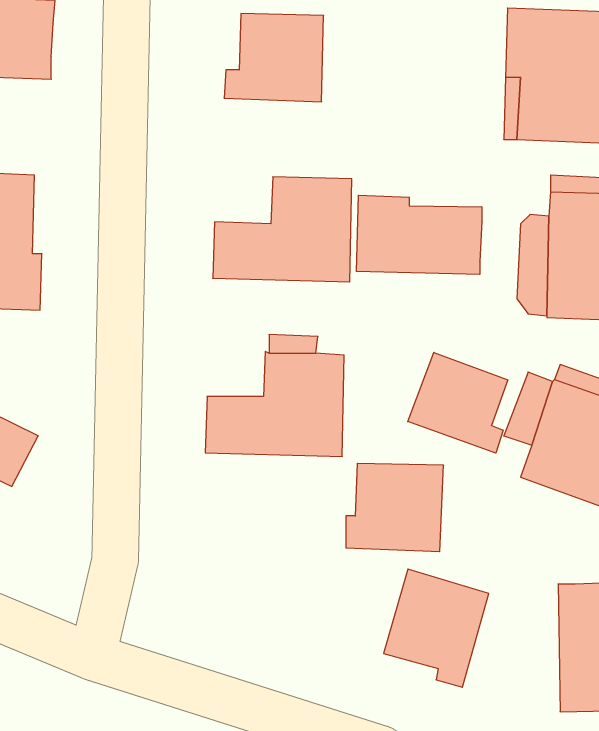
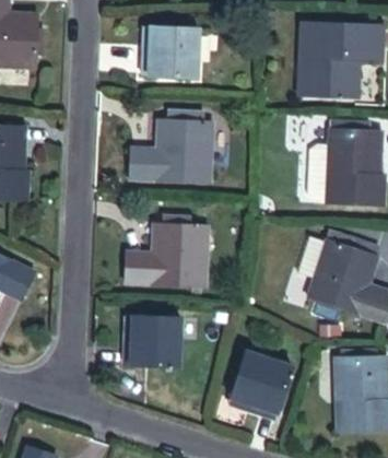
building: [356,195,482,274] -> none
building: [408,352,508,453] -> none
building: [346,463,444,552] -> [125,318,181,369]

